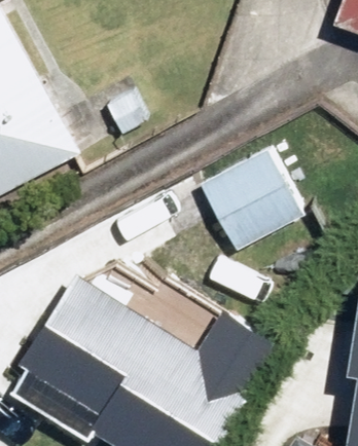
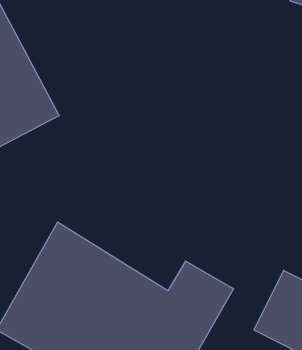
building: [200,145,313,253] -> none

